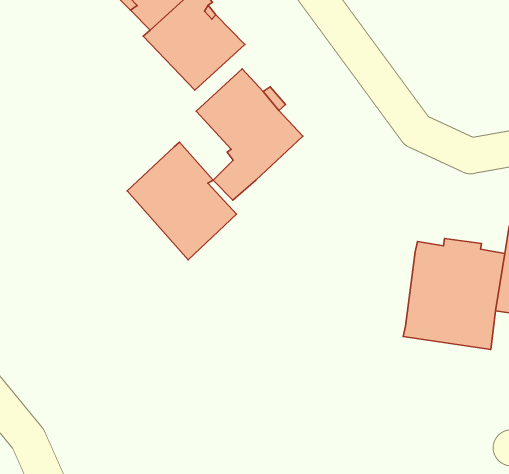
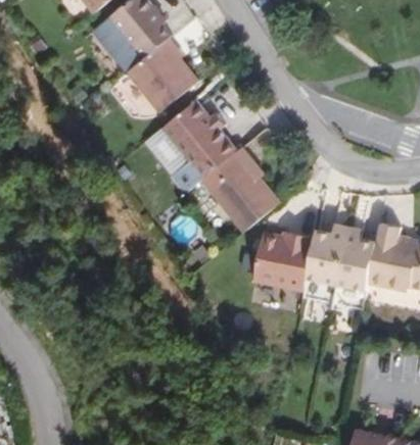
building: [127,142,237,260] -> [201,147,279,232]
building: none -> [251,233,313,291]

